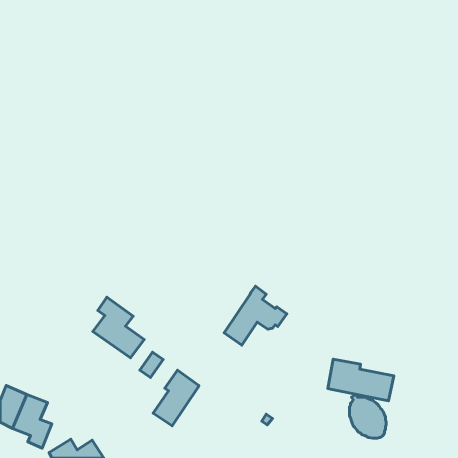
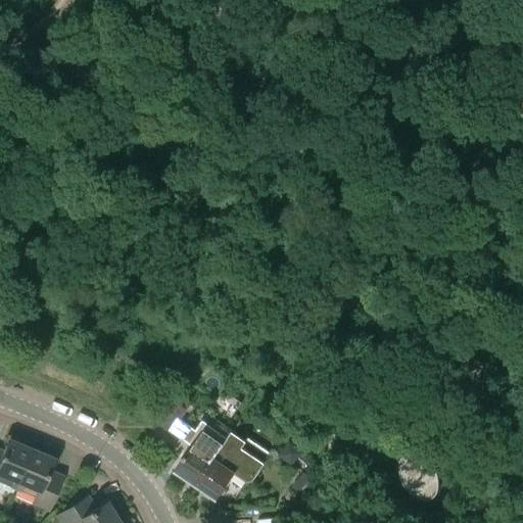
building: [224,286,287,345] -> [196,432,268,500]
building: [93,297,144,358] -> none
building: [328,359,394,401] -> none

